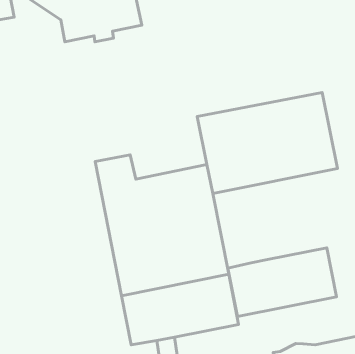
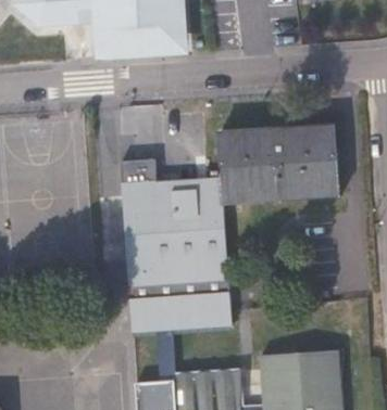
building: [228,248,337,316] -> none

